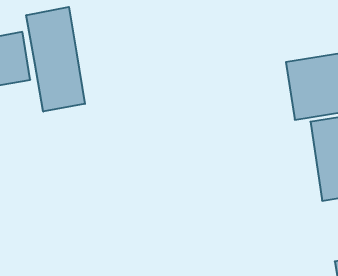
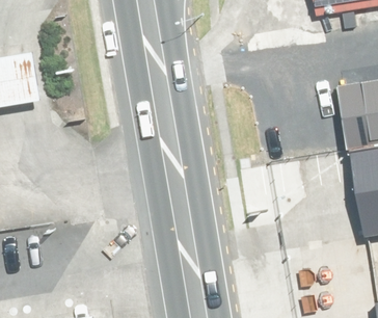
building: [26,7,85,112] -> none

